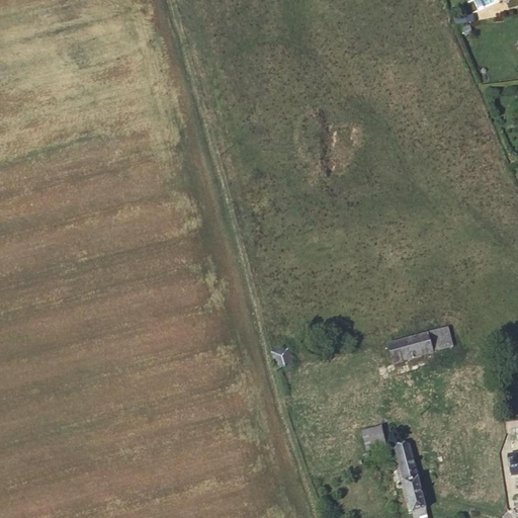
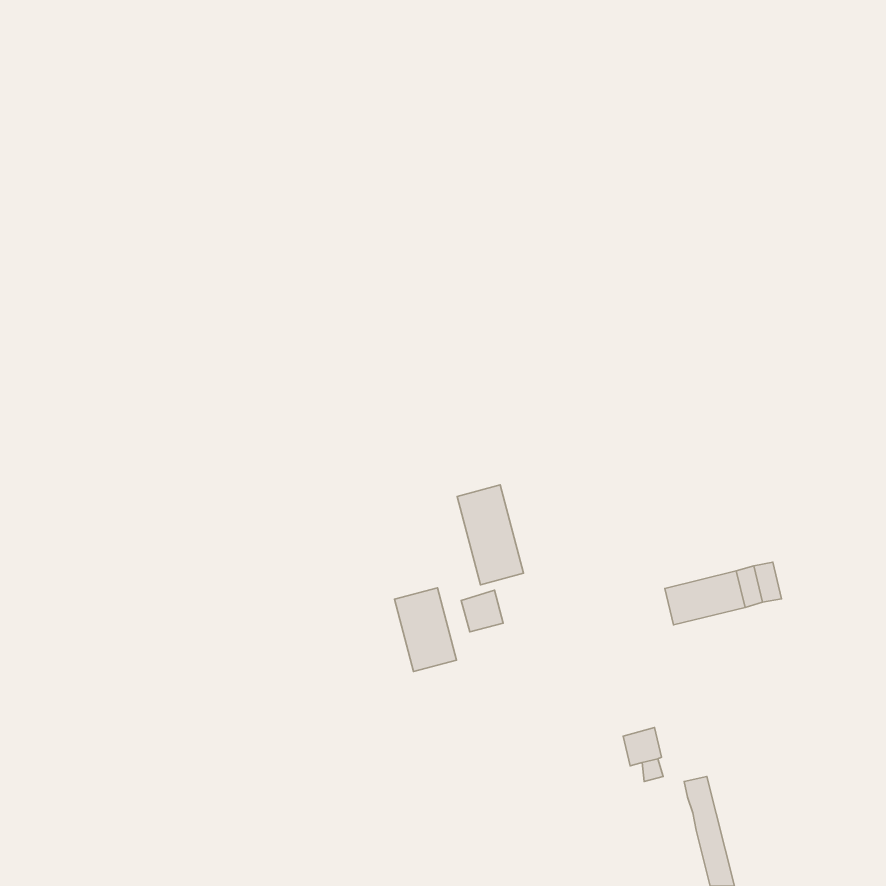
building: none -> [457,485,524,585]
building: none -> [395,588,456,672]

